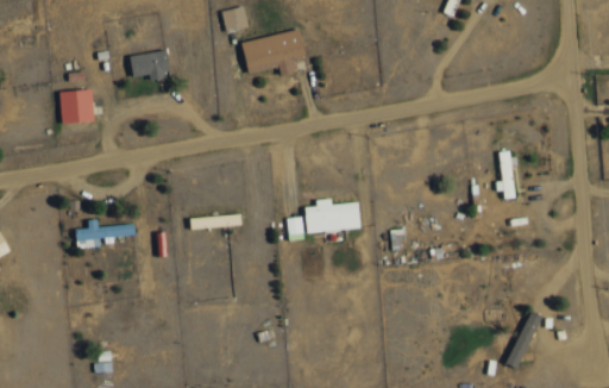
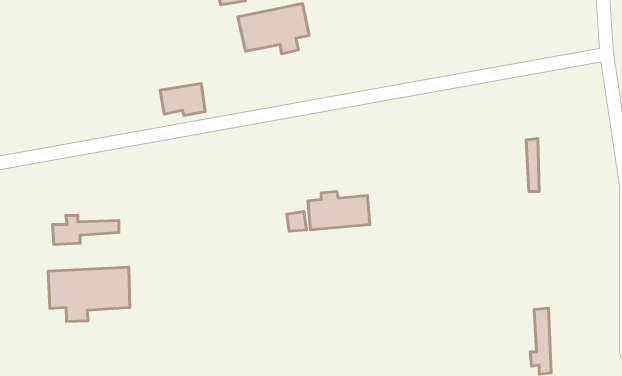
building: [130,50,170,79] -> [160,84,205,115]
building: [61,89,93,123] -> none
building: none -> [48,267,130,321]

